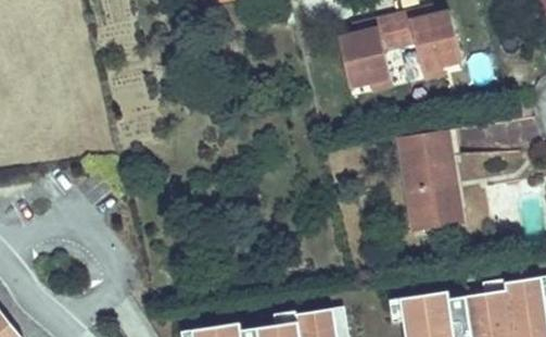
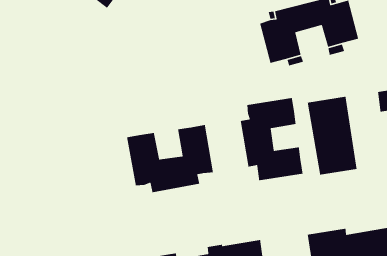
building: none -> [240,97,303,181]
building: none -> [126,124,214,193]

